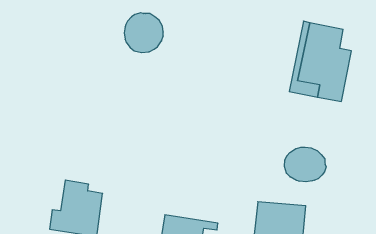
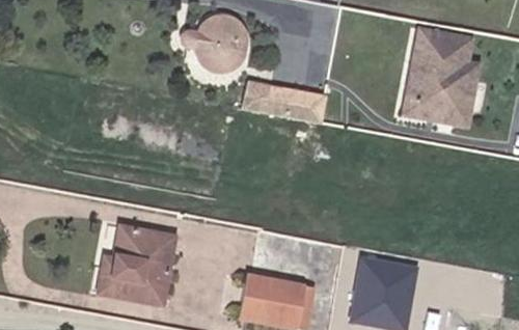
building: none -> [251,84,306,120]
building: [284,147,326,182] -> none

